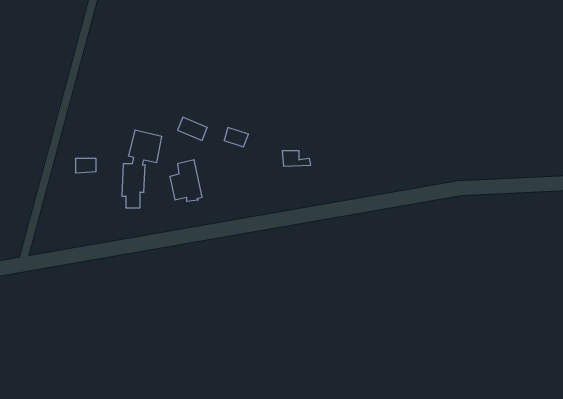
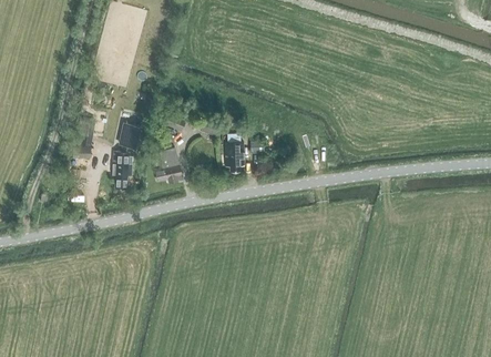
building: none -> [223,135,243,172]

